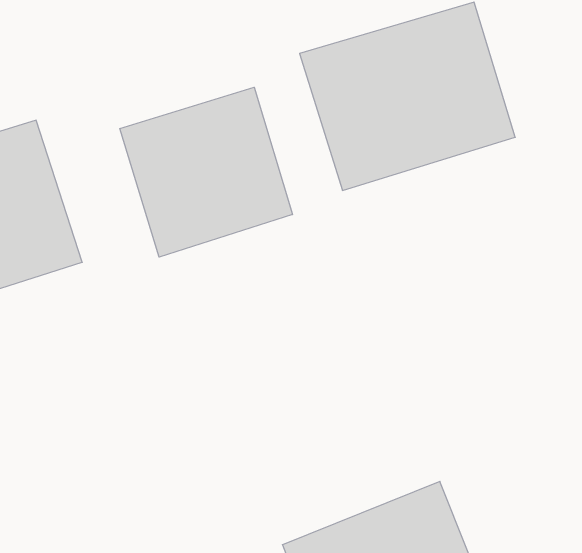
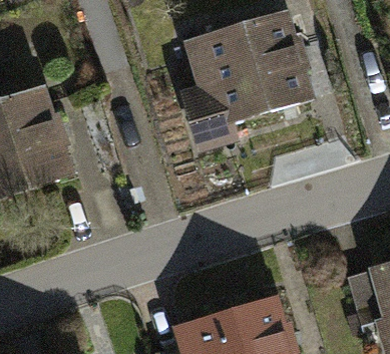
building: [120,87,292,257] -> none

